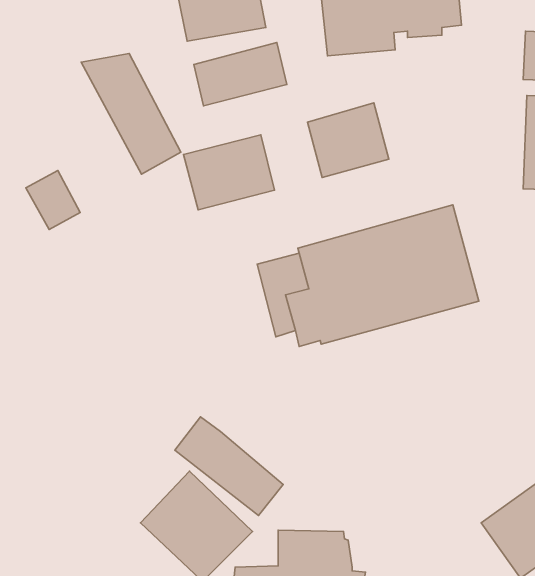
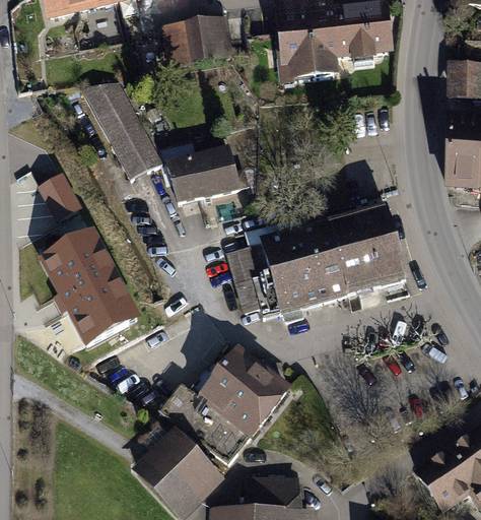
building: [194,42,287,106] -> none
building: [308,103,389,178] -> none
building: none -> [40,232,142,350]
building: none -> [197,339,289,434]

